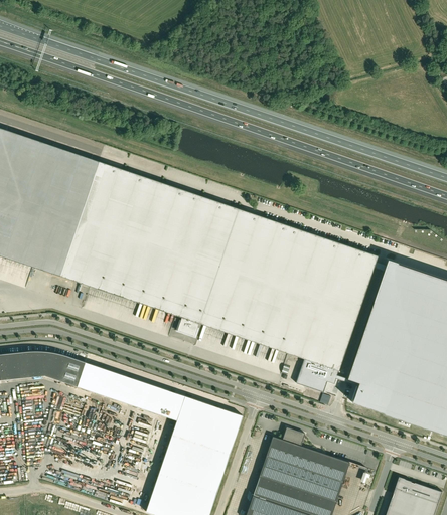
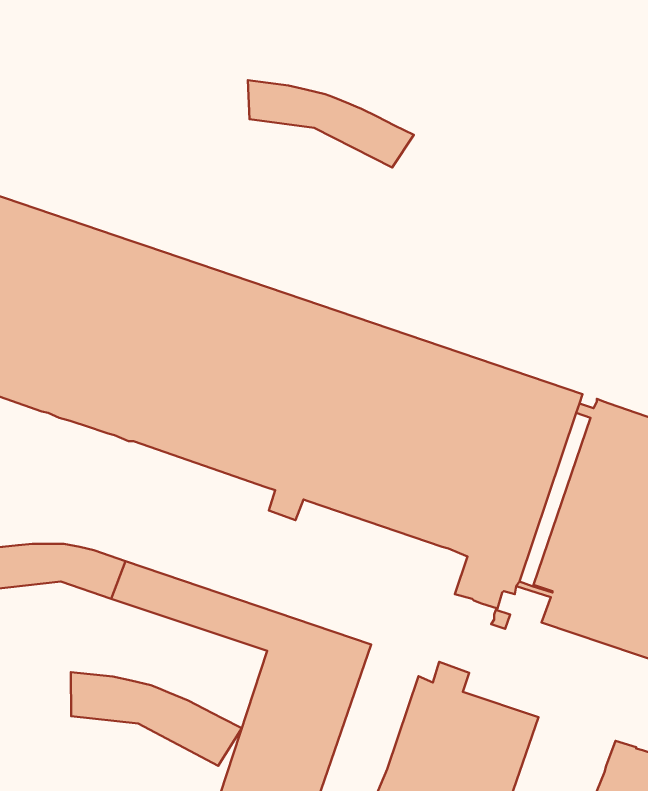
building: none -> [248,80,414,168]
building: none -> [71,672,242,766]

